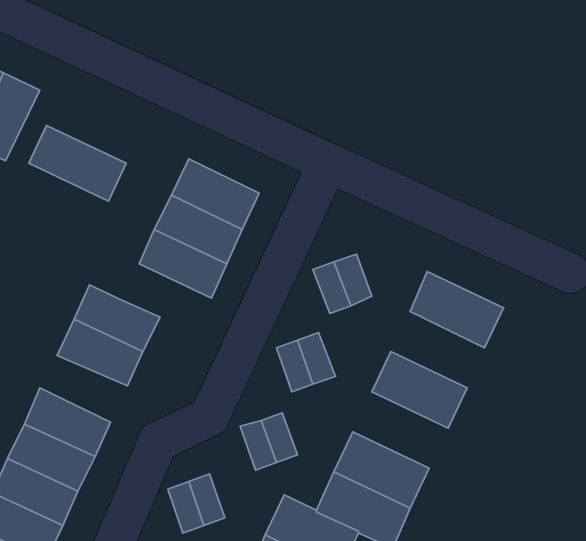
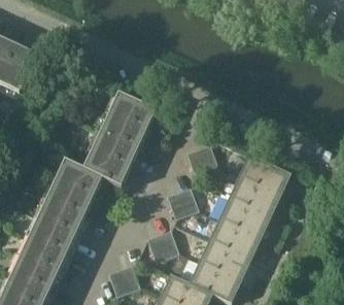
building: [29,125,126,201] -> none
building: none -> [83,148,132,187]
building: none -> [229,174,279,215]
building: none -> [39,198,87,234]
building: none -> [208,217,260,259]

